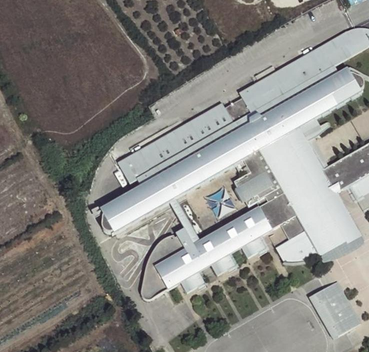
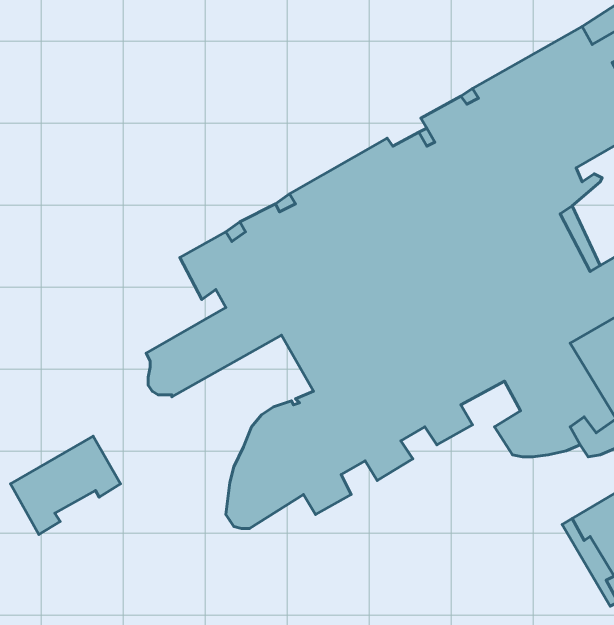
building: none -> [11,436,121,535]

